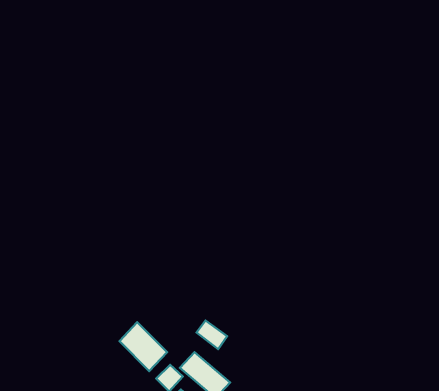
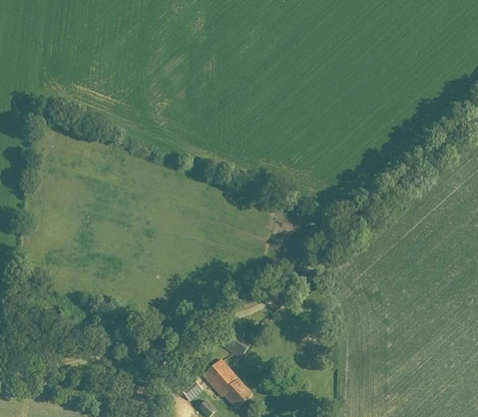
building: [119,322,167,371] -> none

